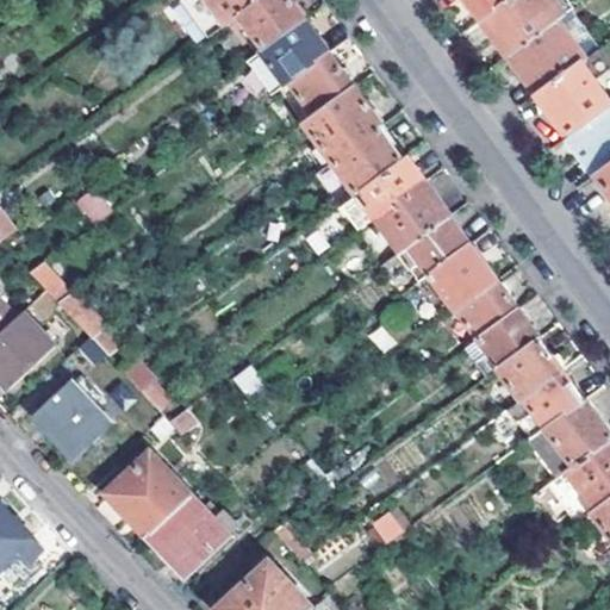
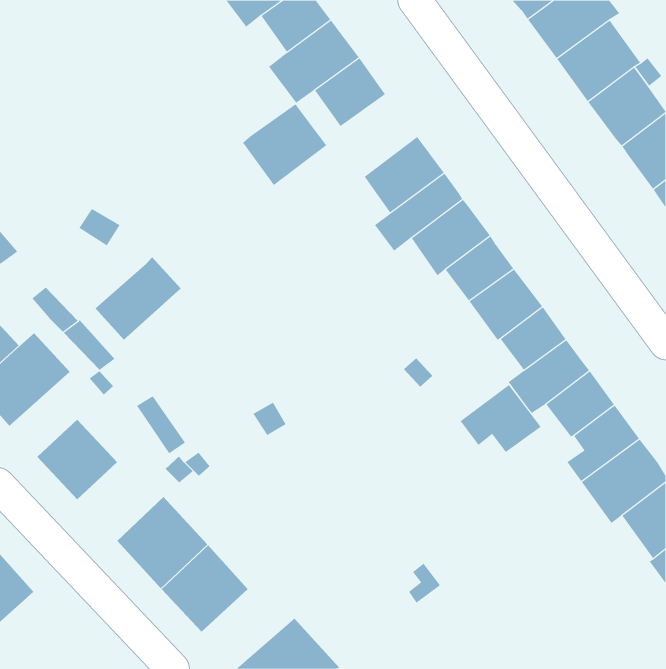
building: [303,86,380,161] -> [242,103,327,186]
building: none -> [95,256,181,340]
building: none -> [460,384,541,453]

